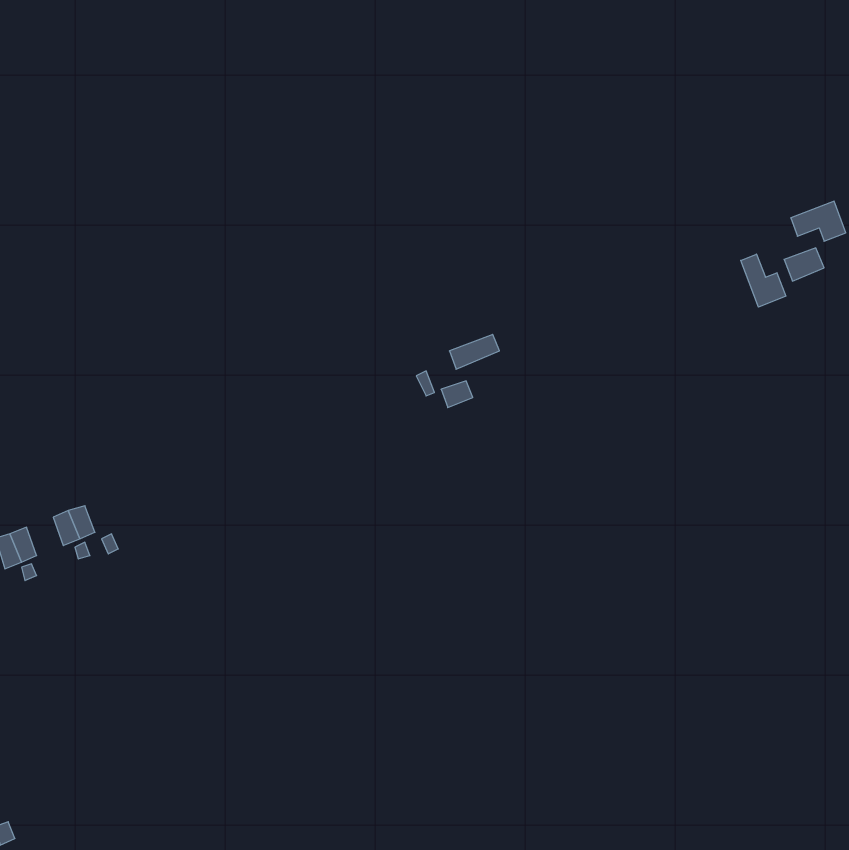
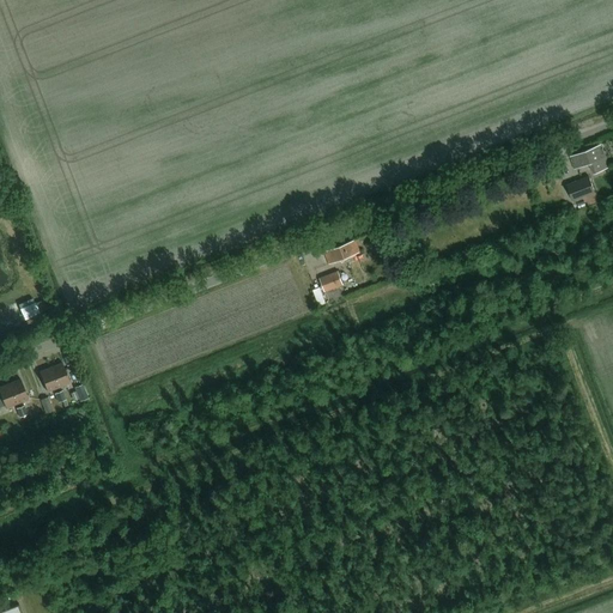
building: [741,254,786,307] -> none

